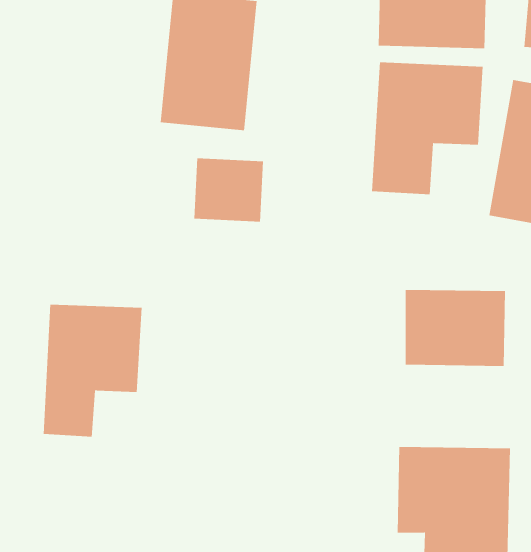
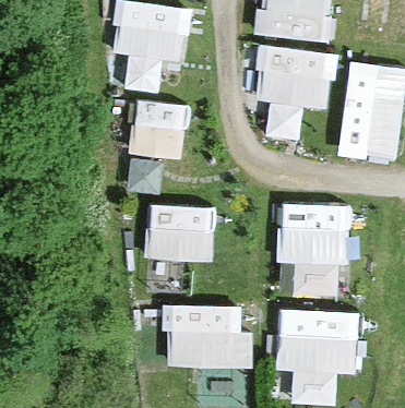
building: [43,304,142,437] -> [145,205,213,296]
building: none -> [160,304,248,370]

